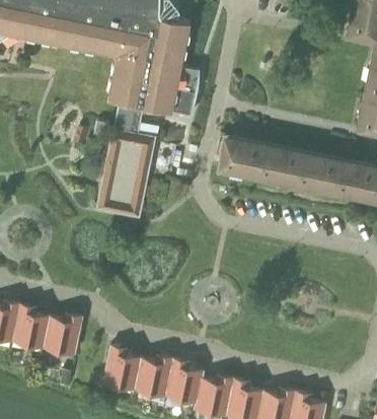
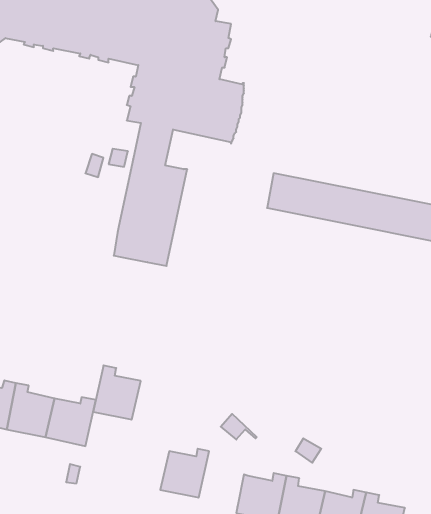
building: [103,349,141,392] -> [93,365,141,420]
building: [164,361,204,405] -> none

